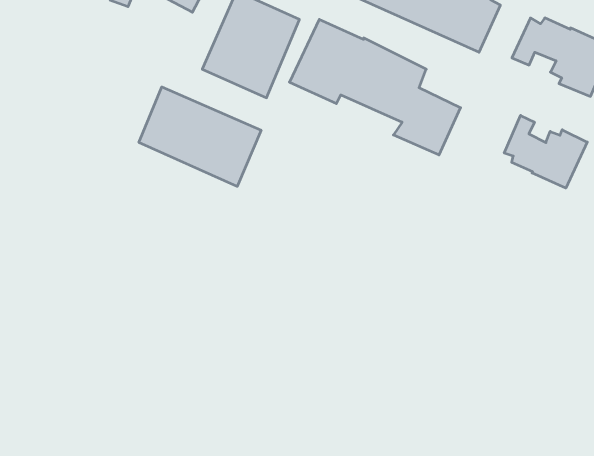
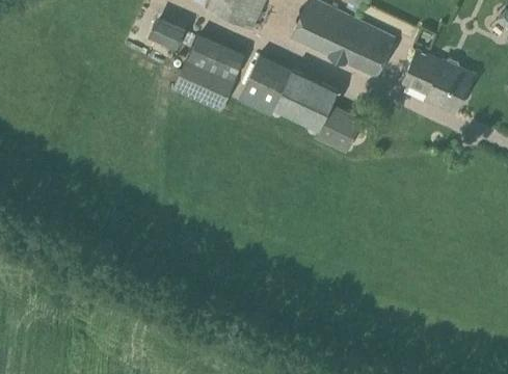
building: [139,87,261,186] -> none
building: [504,115,587,188] -> none

